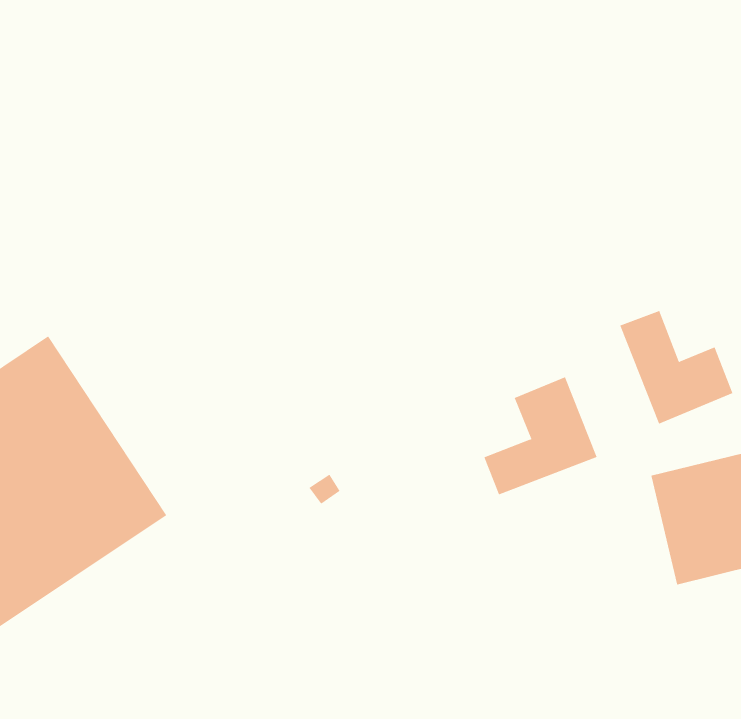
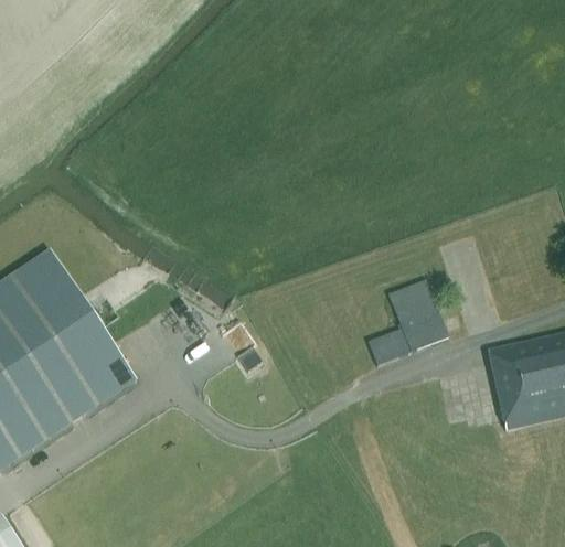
building: [619,310,733,425] -> none

